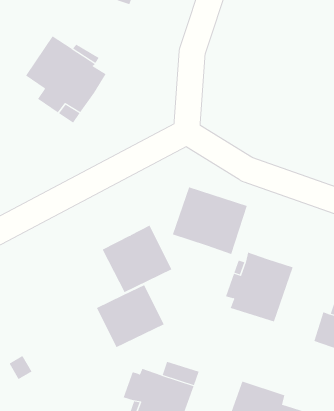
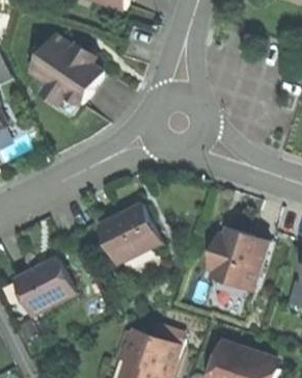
building: [172,187,248,255] -> none
building: [96,284,164,348] -> [13,259,74,315]

